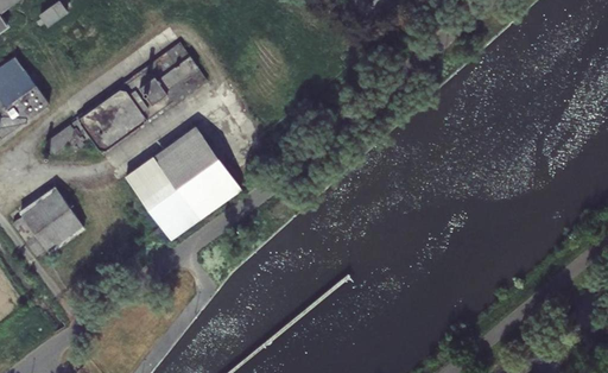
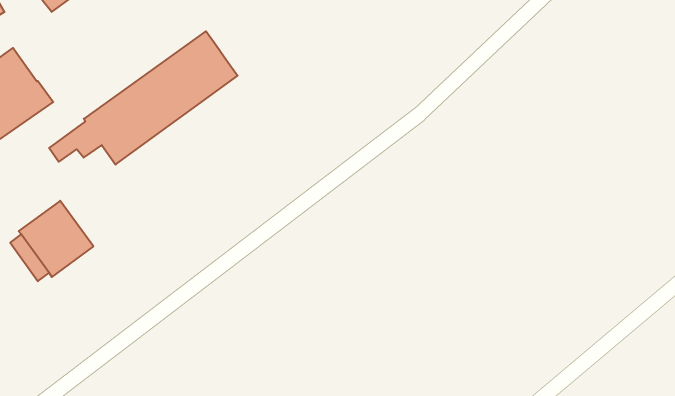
building: [125,126,240,239] -> none

